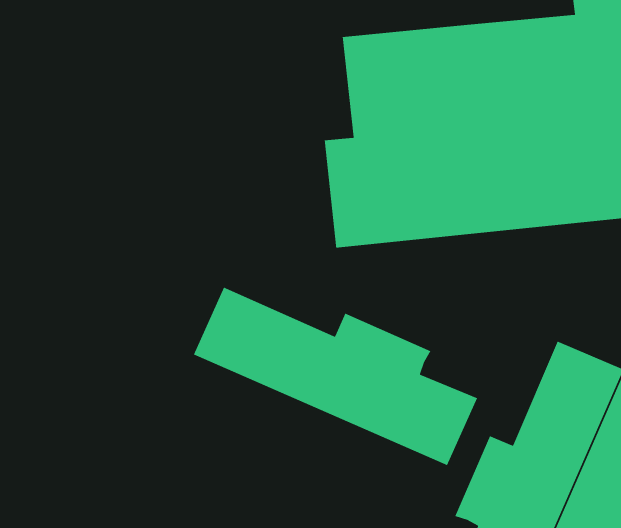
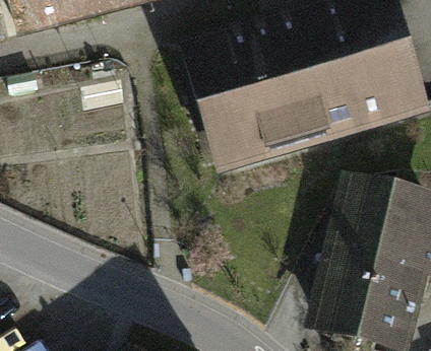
building: [193,286,478,466] -> none

